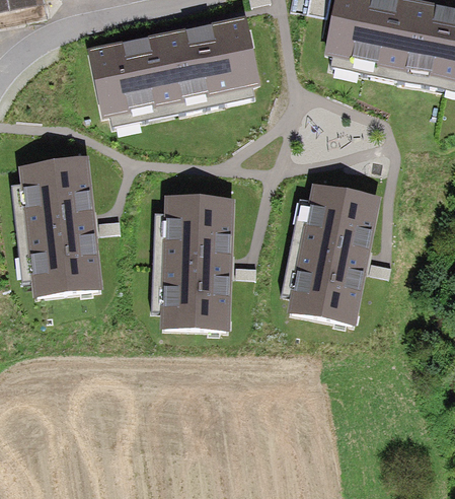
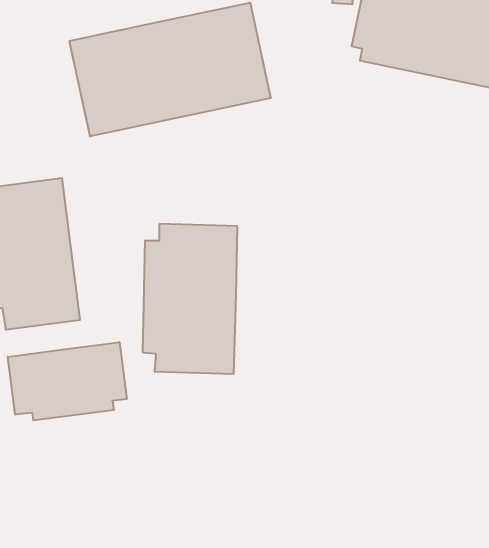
building: [283,184,379,319] -> none
building: none -> [8,342,127,420]

